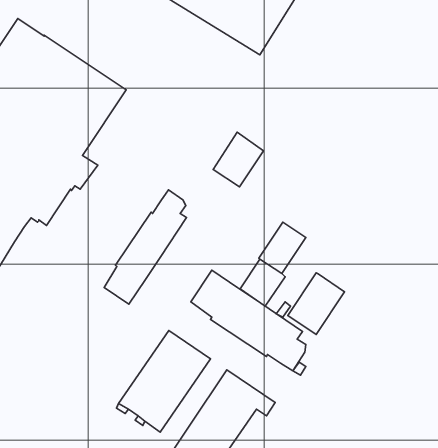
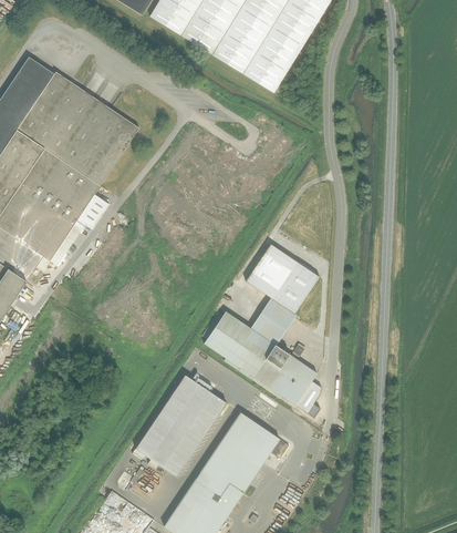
building: [213,132,264,187] -> [246,243,297,298]
building: [104,190,186,304] -> none
building: [288,273,345,334] -> none

